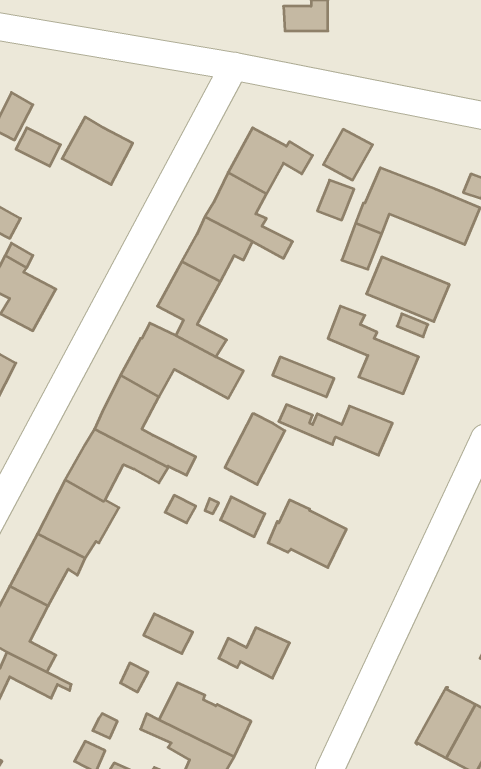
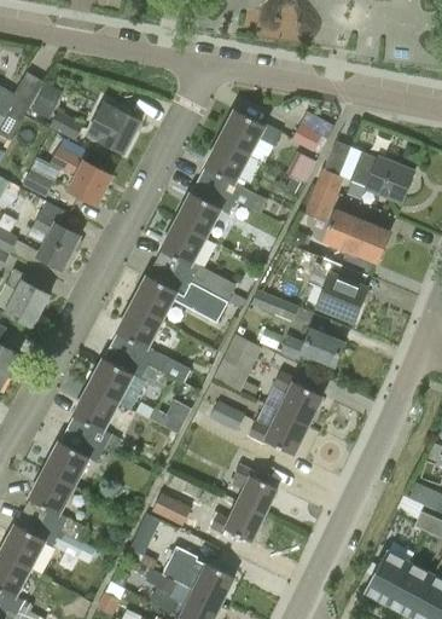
building: none -> [50,147,111,204]
building: none -> [271,369,322,424]
building: none -> [229,463,277,514]

